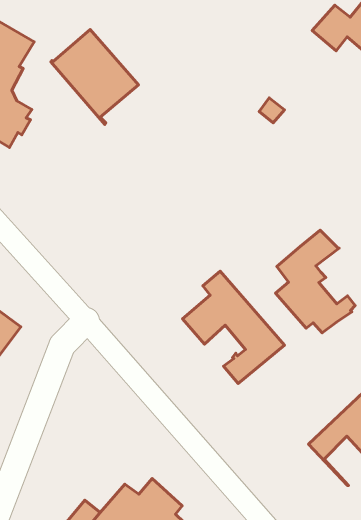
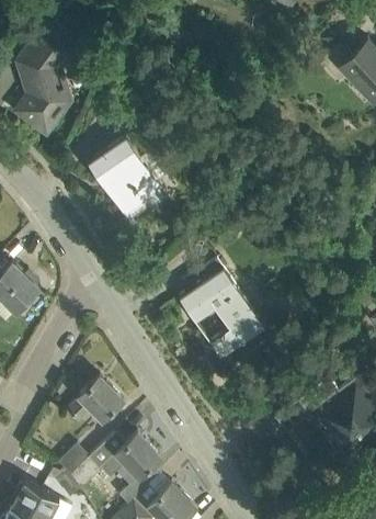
building: [51,29,138,124] -> [88,139,161,223]
building: [276,230,355,333] -> none
building: none -> [67,377,123,424]

